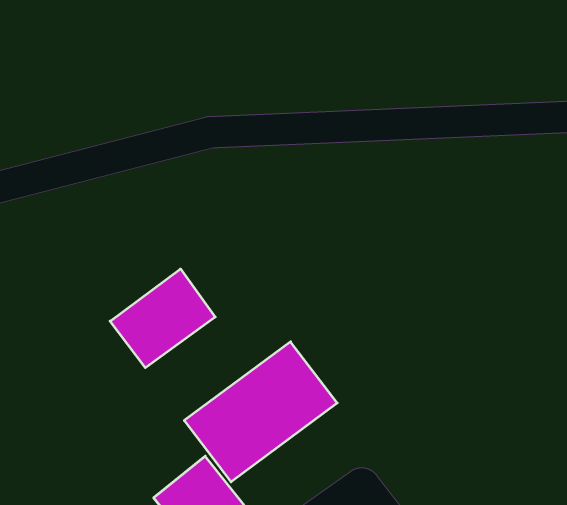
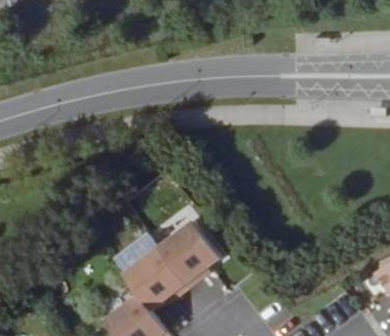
building: [110,269,215,368] -> none

